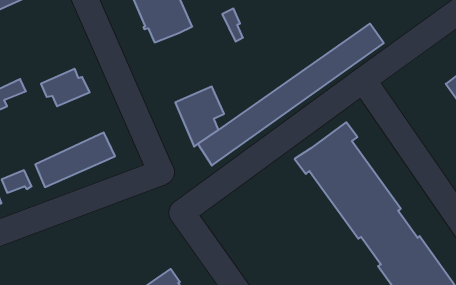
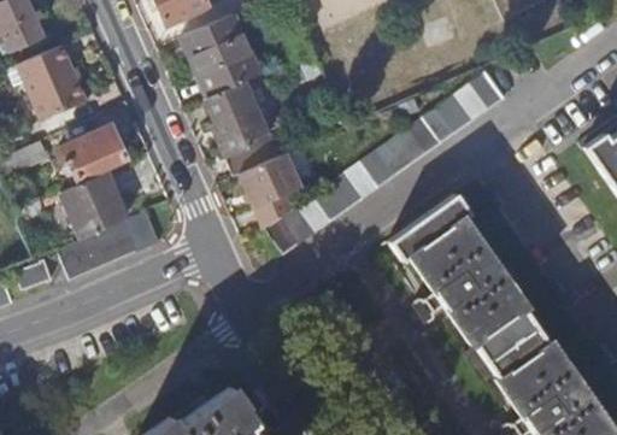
building: none -> [20,45,89,118]
building: none -> [207,82,289,172]
building: none -> [61,170,127,237]

